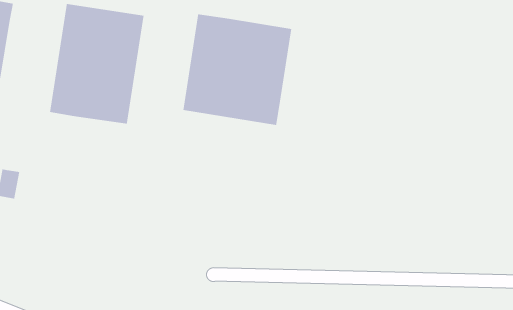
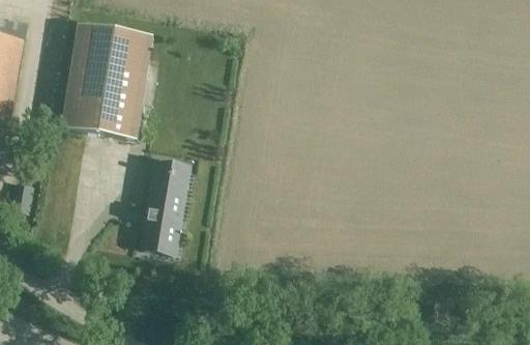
building: [182,13,292,126] -> none
building: none -> [139,161,189,256]

